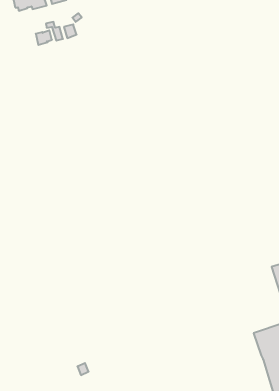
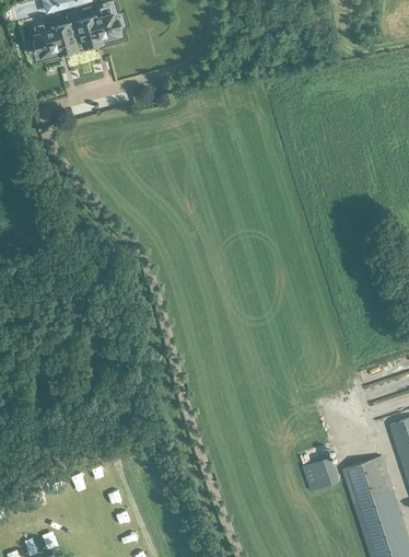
building: none -> [301,456,339,491]

